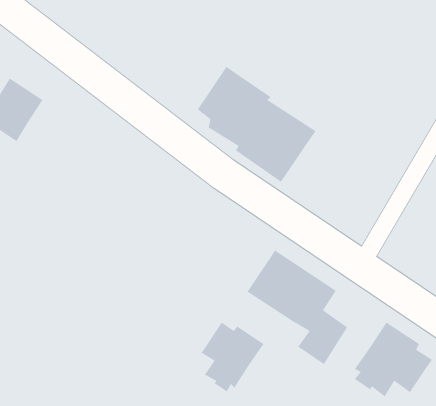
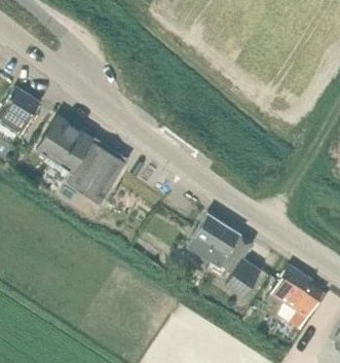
building: [197,66,317,183] -> [36,115,123,201]
building: [200,321,265,393] -> none

